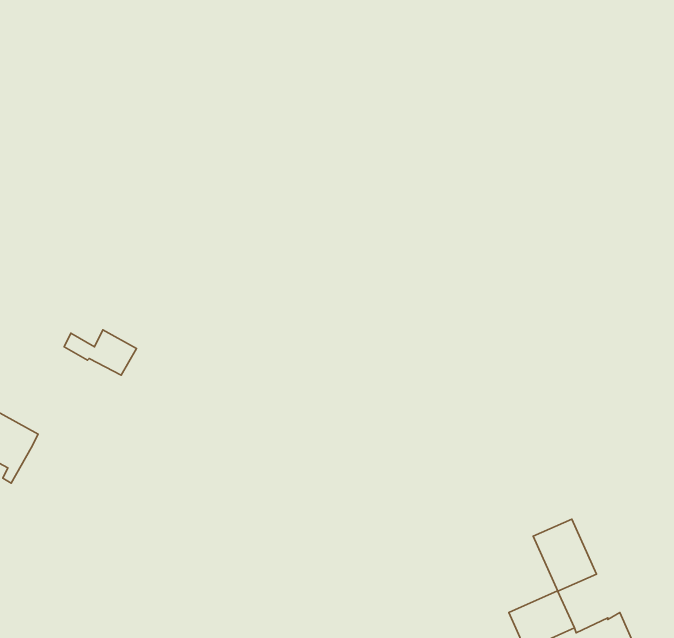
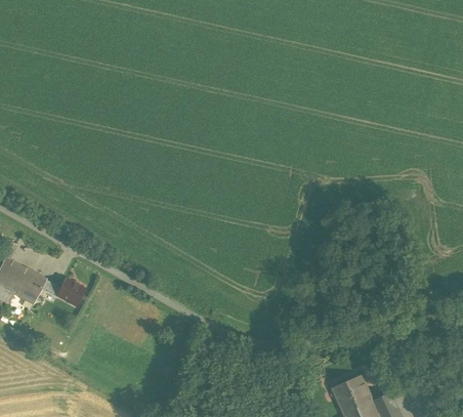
building: [64,330,136,375] -> [41,278,85,305]
building: [533,519,596,591] -> none

